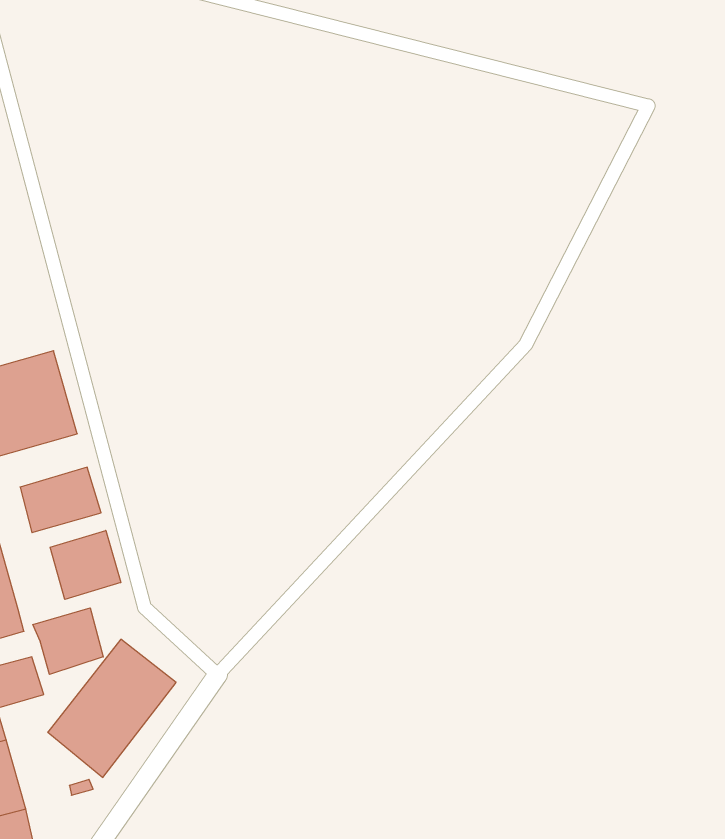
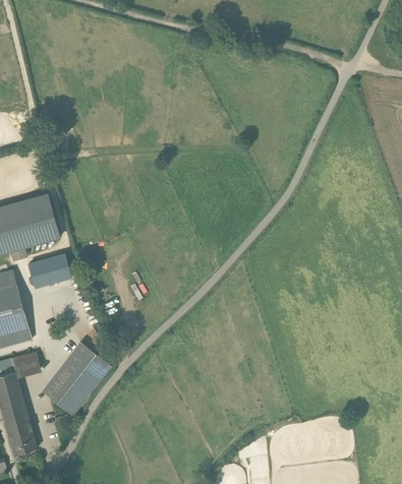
building: [50,530,121,599] -> none
building: [33,608,103,674] -> none

